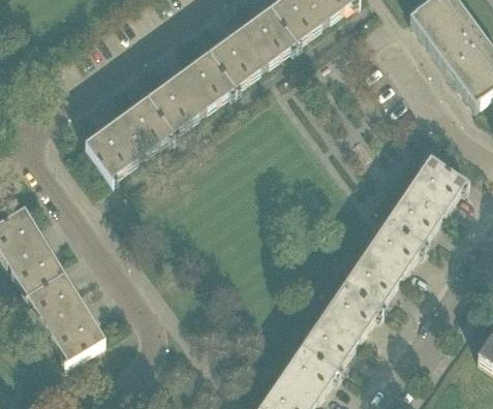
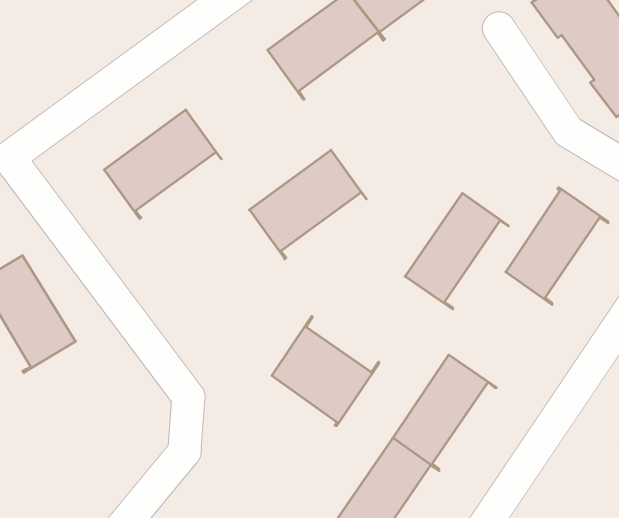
building: [147,53,236,135] -> [249,150,366,259]
building: [346,221,425,309] -> [405,193,508,309]
building: none -> [272,316,379,426]
building: [24,274,103,364] -> none

